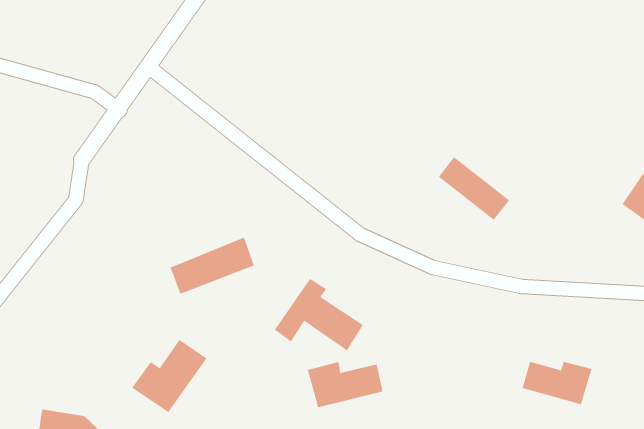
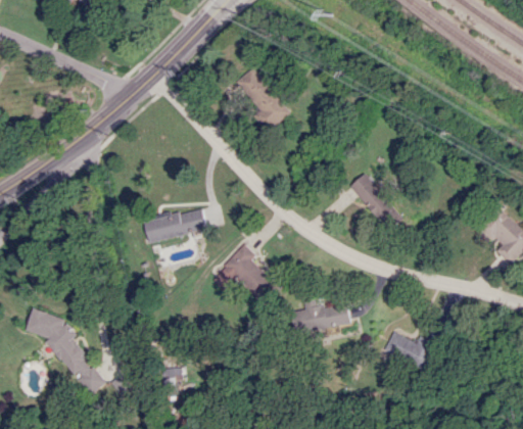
building: none -> [234,67,288,128]
building: [131,339,207,413] -> none
building: [307,361,383,408] -> [298,299,351,331]

